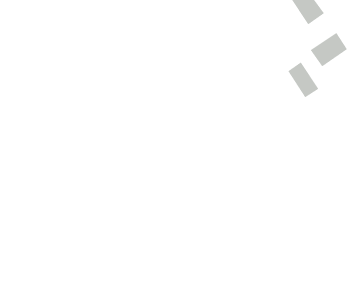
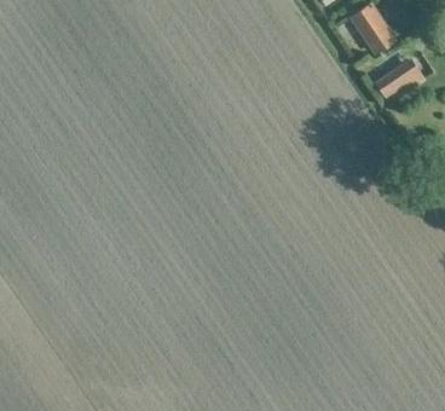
building: [287,62,319,98] -> none

